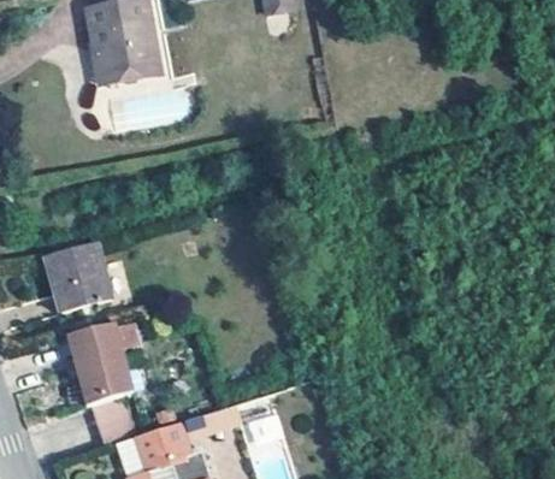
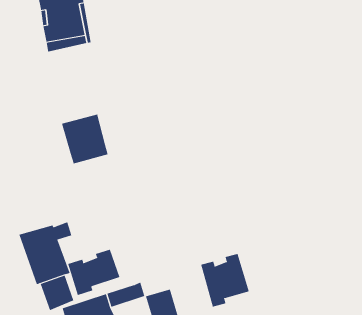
building: [46,241,111,309] -> [61,114,108,164]
building: none -> [67,249,120,296]
building: none -> [200,253,249,308]

